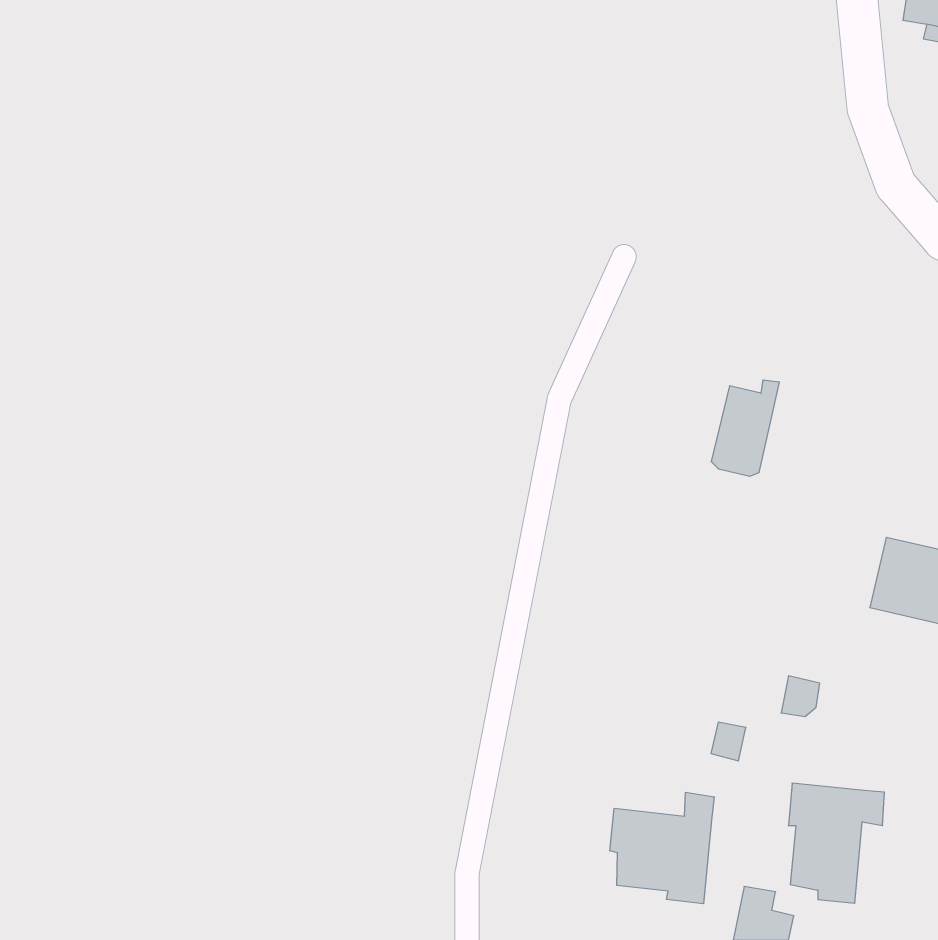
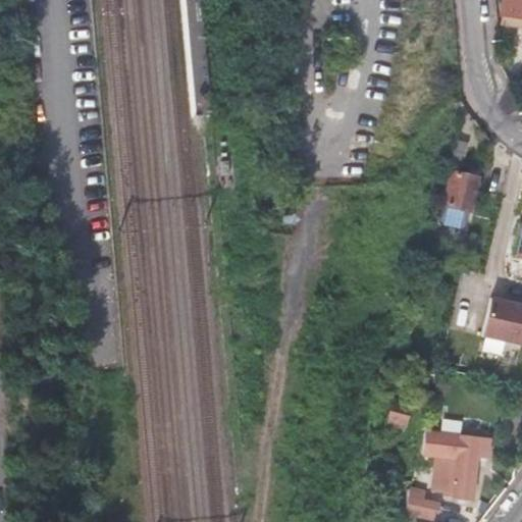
building: [711,380,779,476] -> [439,169,477,222]
building: [610,792,714,904] -> none

